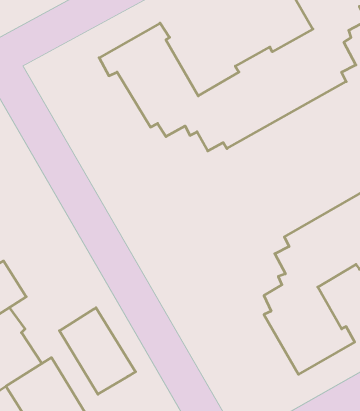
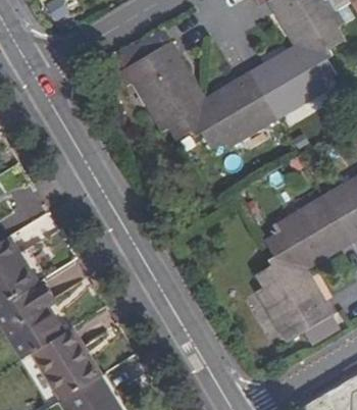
building: [59,308,136,394] -> none

